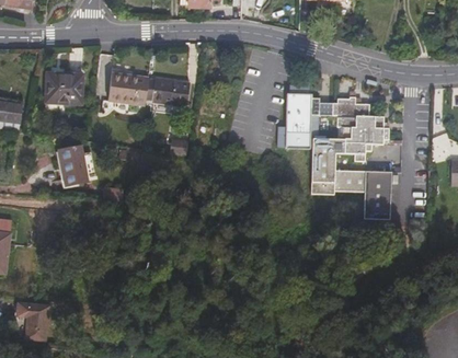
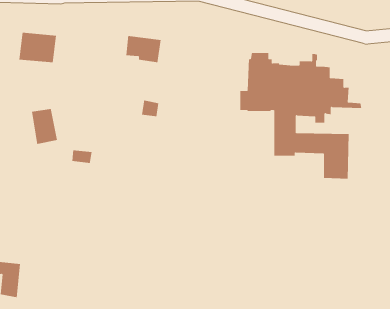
building: [111,65,152,96] -> none

